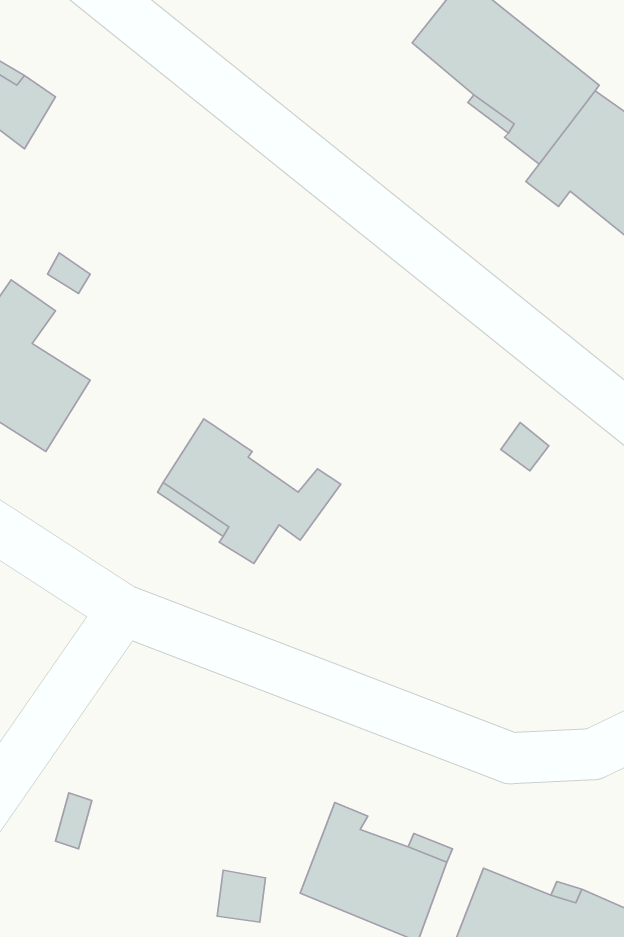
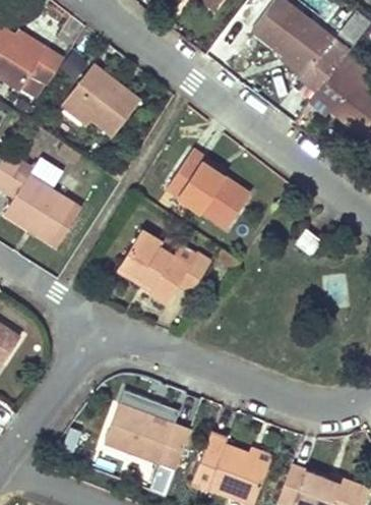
building: none -> [61,64,141,135]
building: none -> [167,149,249,227]
building: none -> [104,403,187,468]

